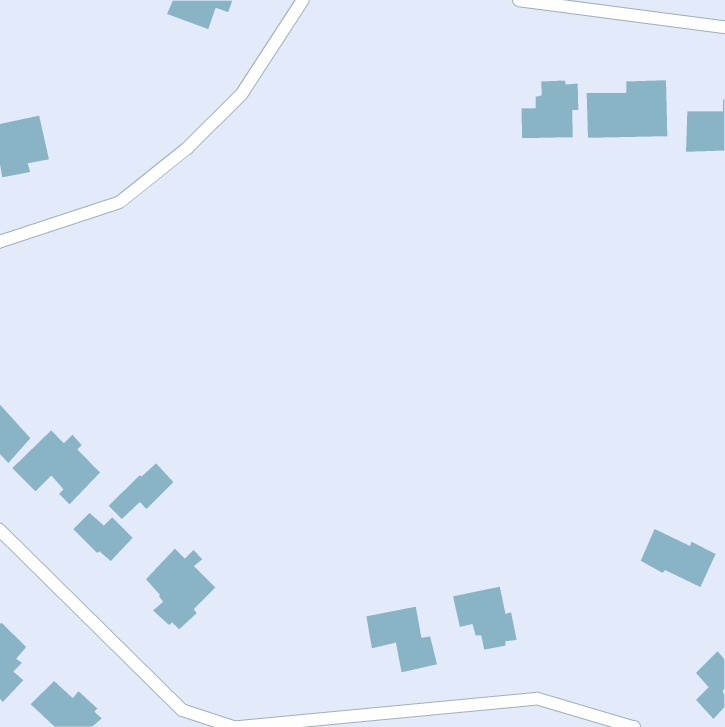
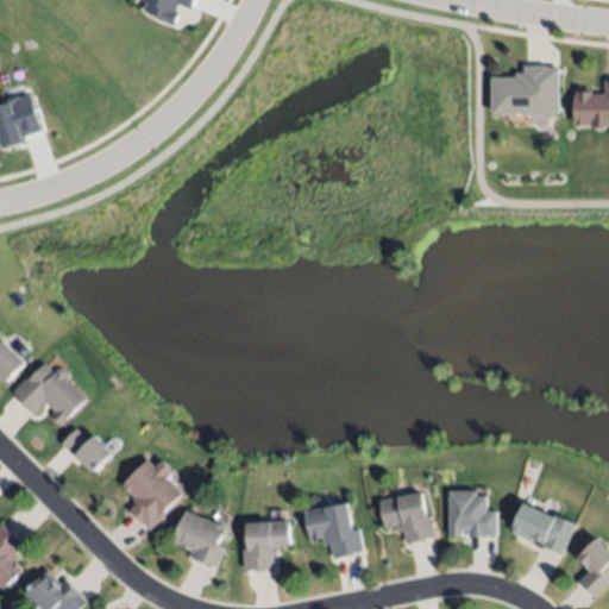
building: [521,80,579,139] -> none
building: [108,462,174,520] -> none
building: [640,528,717,588] -> [514,507,578,557]
building: none -> [447,490,497,538]
building: none -> [170,508,224,566]
building: none -> [245,525,293,573]

